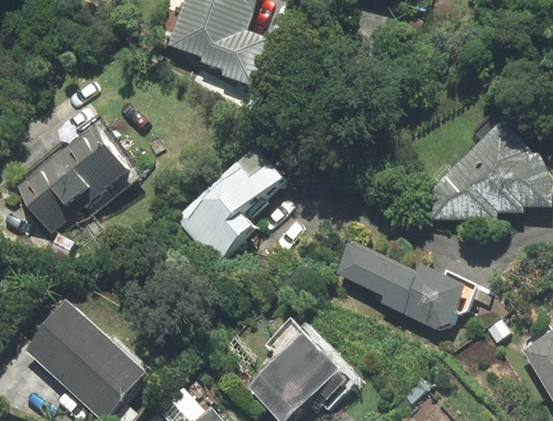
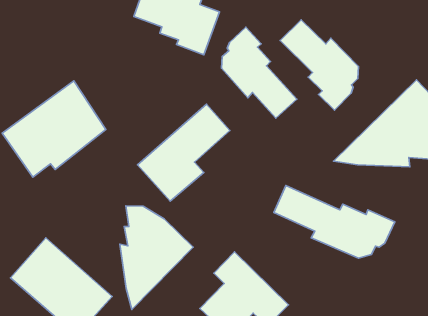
building: none -> [280,20,358,110]
building: none -> [221,27,297,118]
building: none -> [120,206,193,309]

